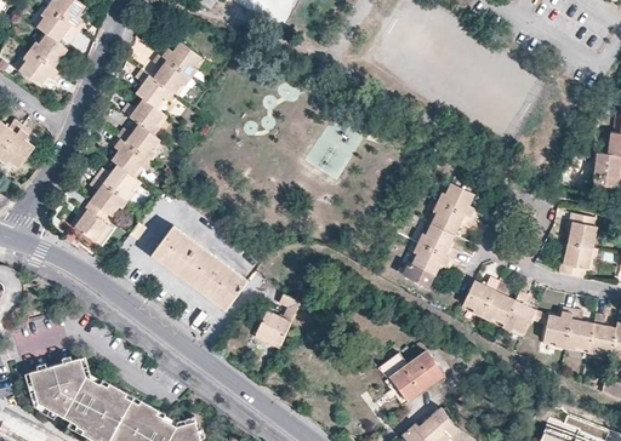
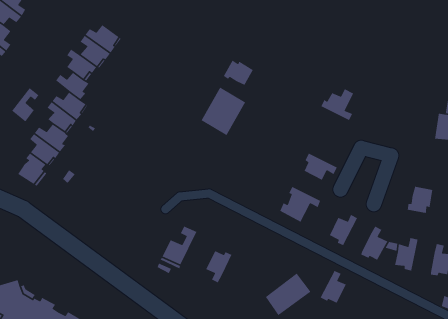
building: none -> [223,60,254,86]
building: none -> [11,87,39,123]
building: [438,178,480,219] -> [320,88,354,121]
building: [570,212,598,247] -> none
building: [417,224,458,260] -> none
building: [154,227,245,308] -> none
building: [482,282,515,325] -> [320,270,347,304]
building: [566,309,594,350] -> none
building: none -> [205,250,233,283]

